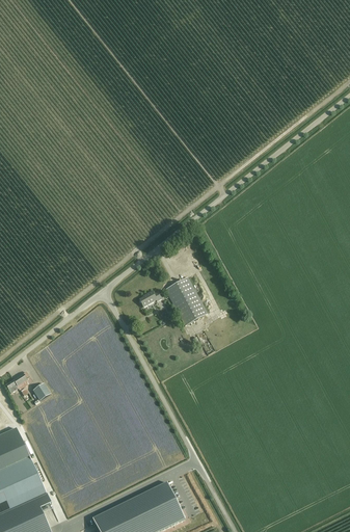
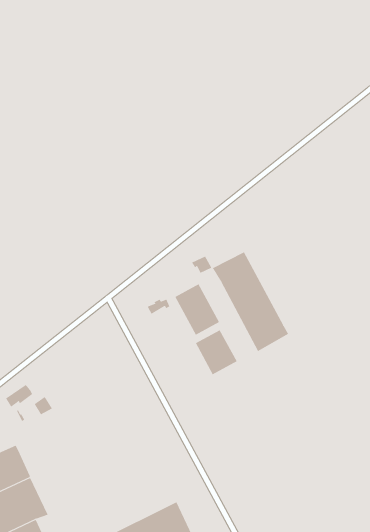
building: none -> [212,251,289,352]
building: none -> [195,329,237,375]

